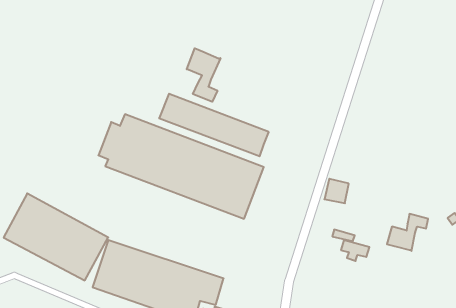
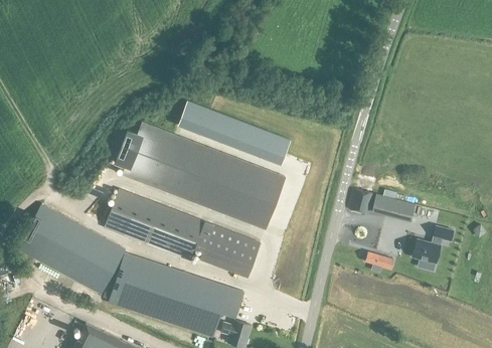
building: [187,48,220,102] -> none
building: none -> [104,188,260,269]
building: none -> [371,194,415,221]

